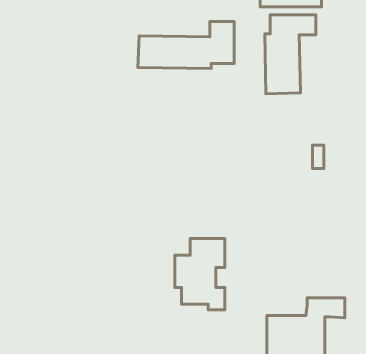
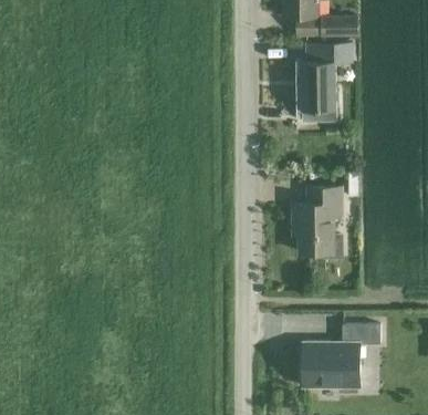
building: [138,22,234,69] -> none
building: [175,238,225,310] -> [292,187,342,258]

